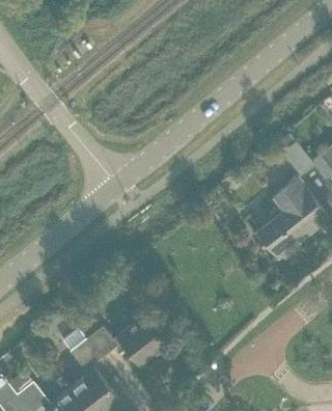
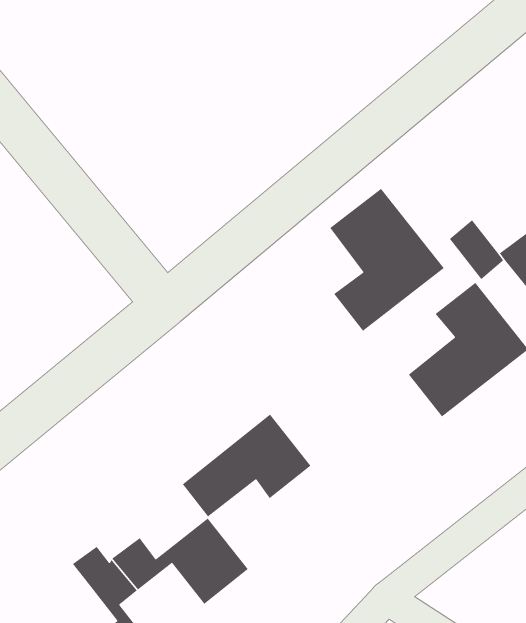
building: none -> [329,188,445,332]
building: none -> [182,414,311,517]

